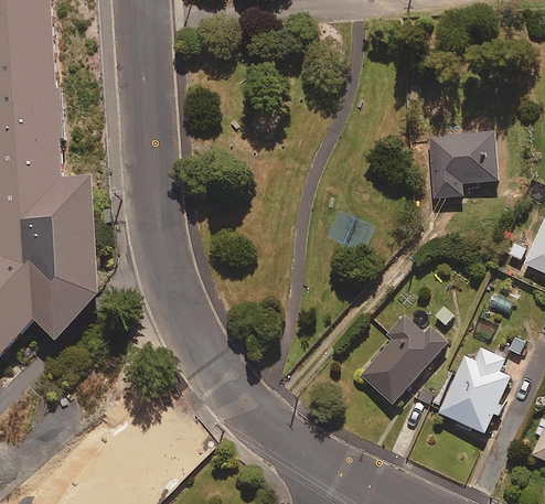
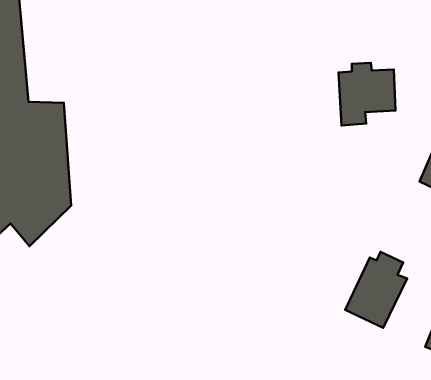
building: [356,315,442,403] -> none

